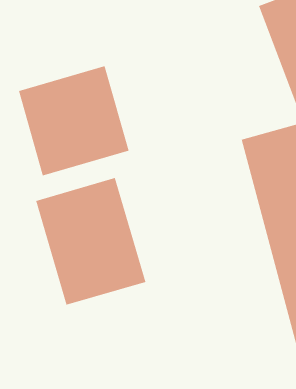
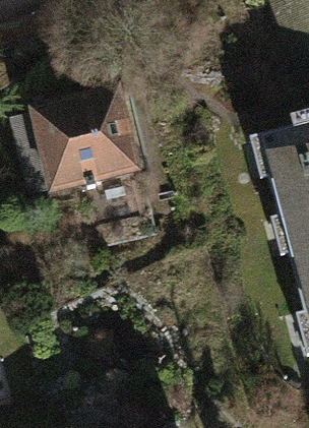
building: [35,177,146,306] -> none

